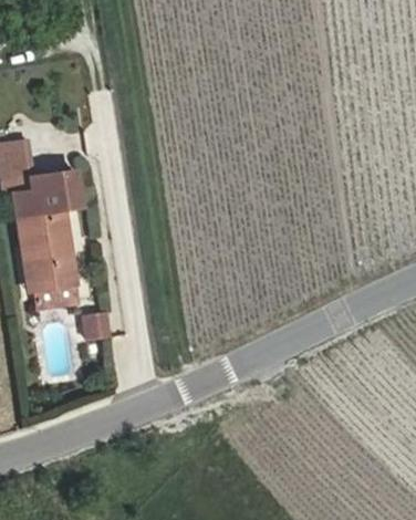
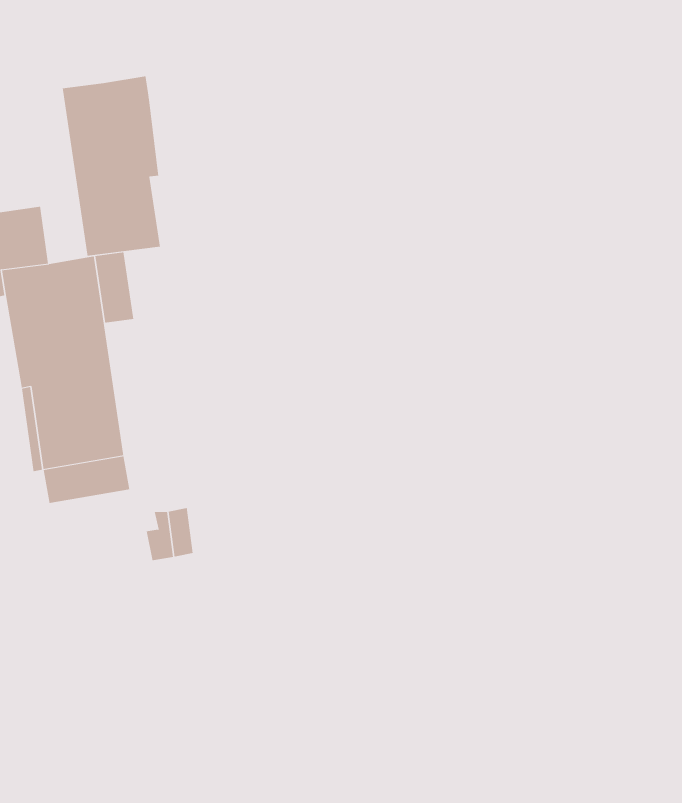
building: none -> [62,75,161,257]

